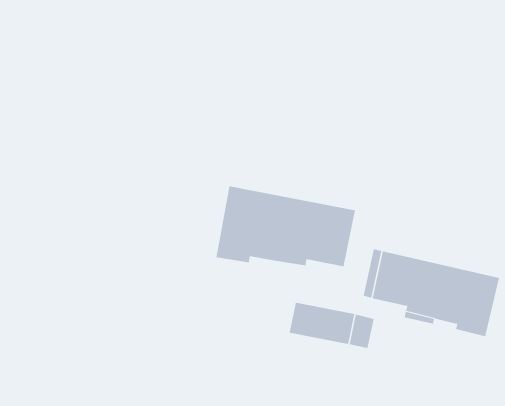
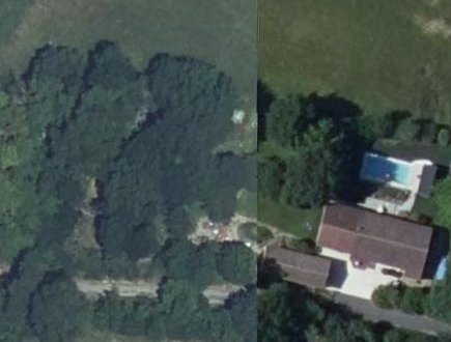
building: [216,186,355,267] -> none

